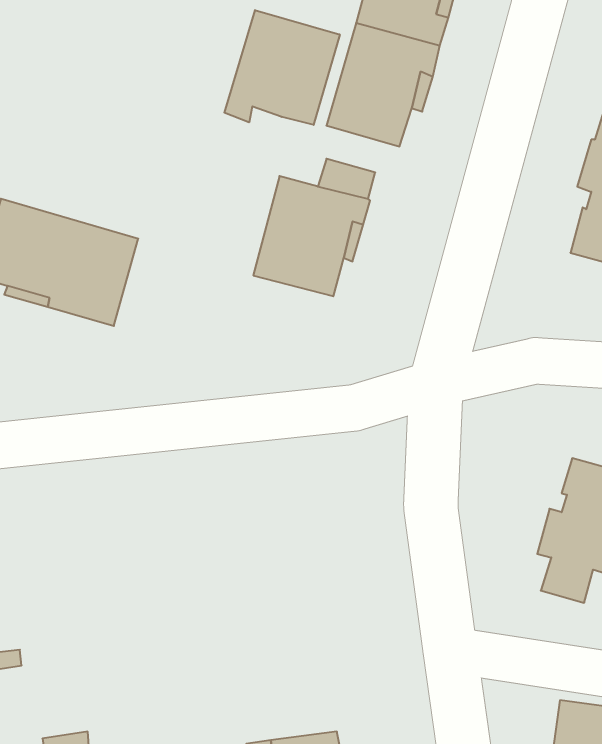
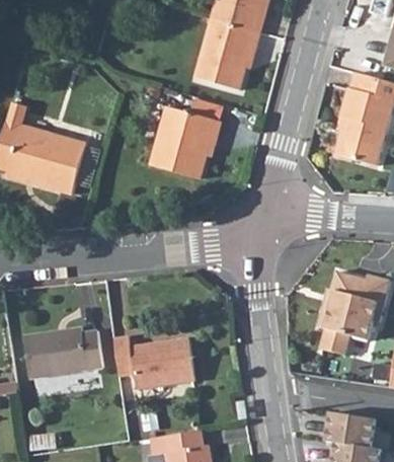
building: [224,10,340,125] -> none
building: none -> [22,326,102,379]
building: none -> [112,334,192,388]

